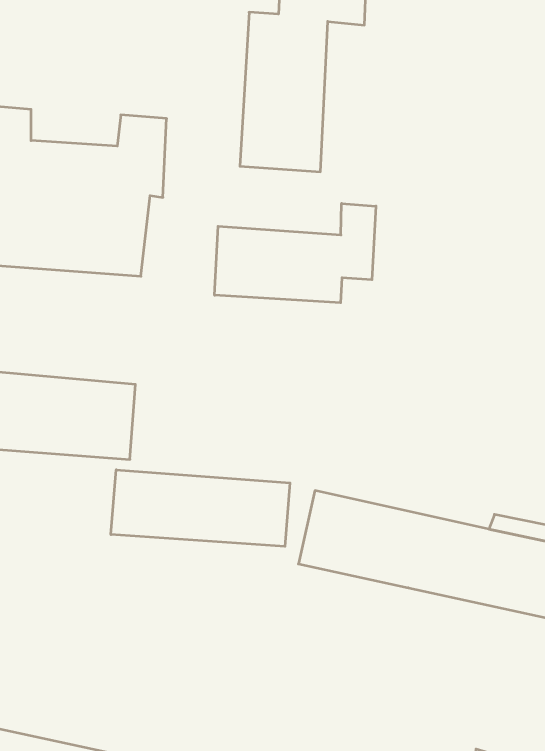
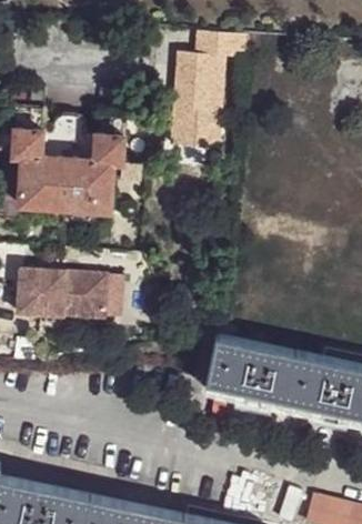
building: [215,203,376,303] -> none
building: [111,470,290,546] -> none

